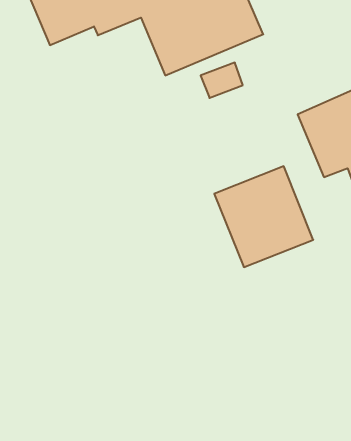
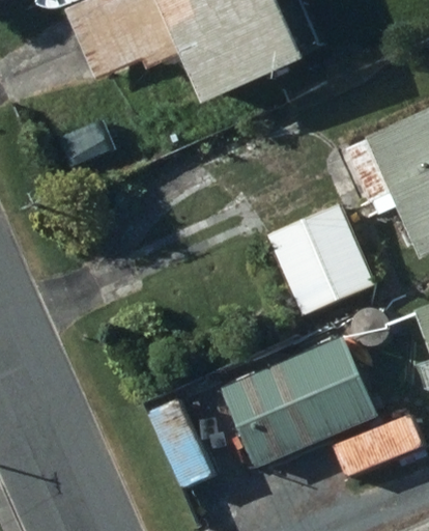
building: none -> [223,337,378,465]

